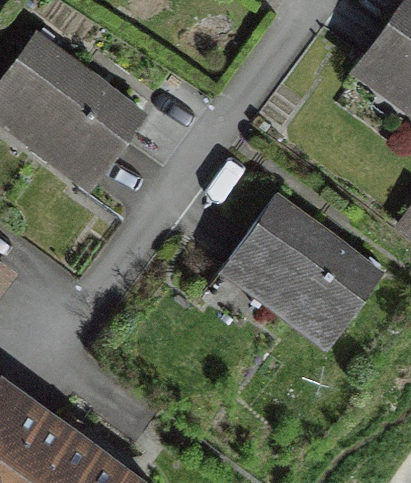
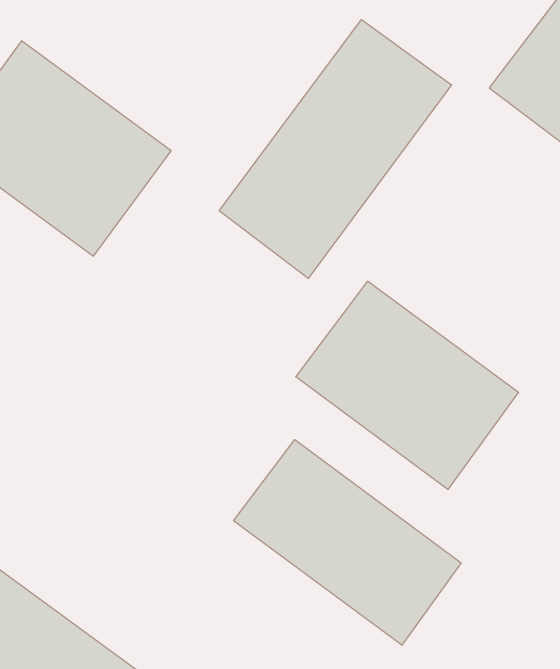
building: none -> [219,19,452,278]
building: none -> [234,440,461,645]

